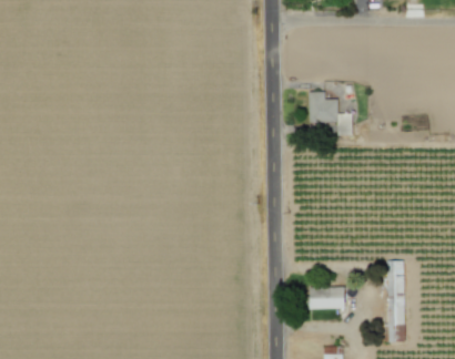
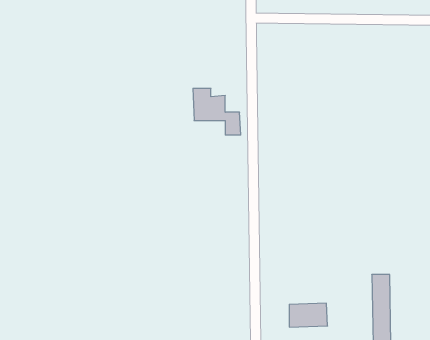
building: [309,92,353,135] -> [193,88,241,135]

